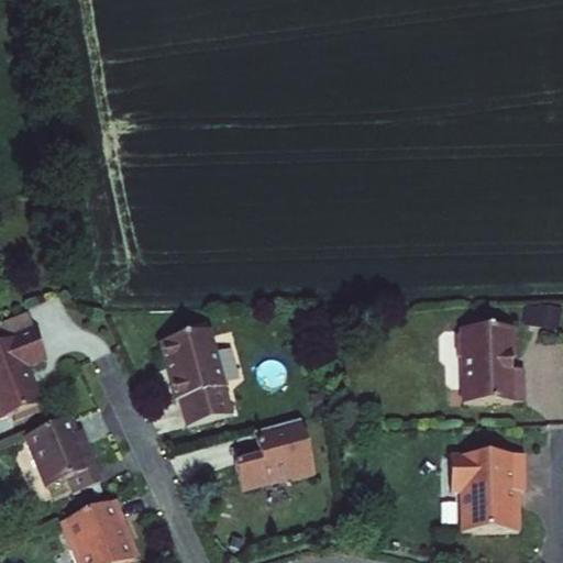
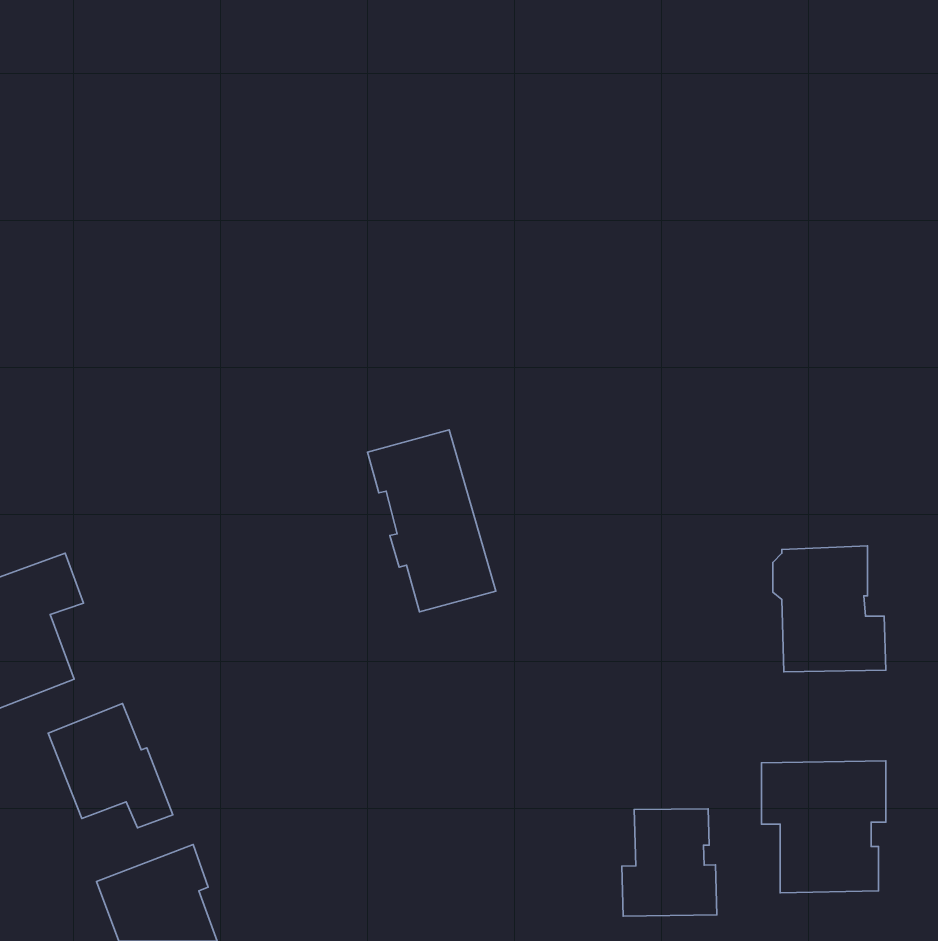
building: [156,318,232,426] -> [368,430,496,612]
building: [234,418,314,488] -> none
building: none -> [622,809,717,916]

